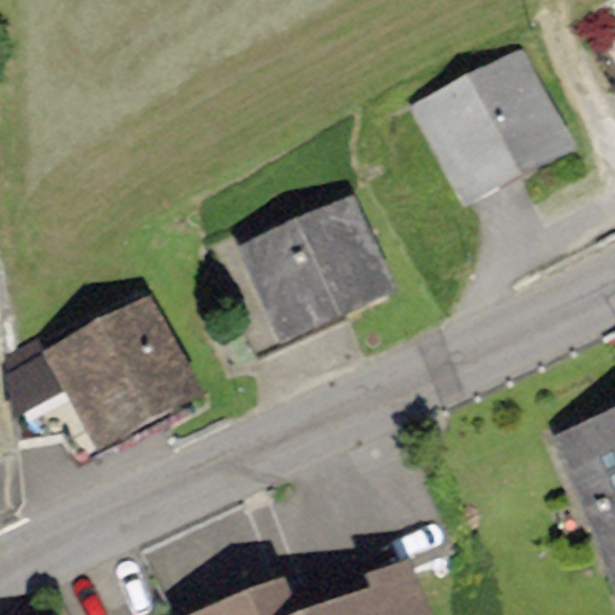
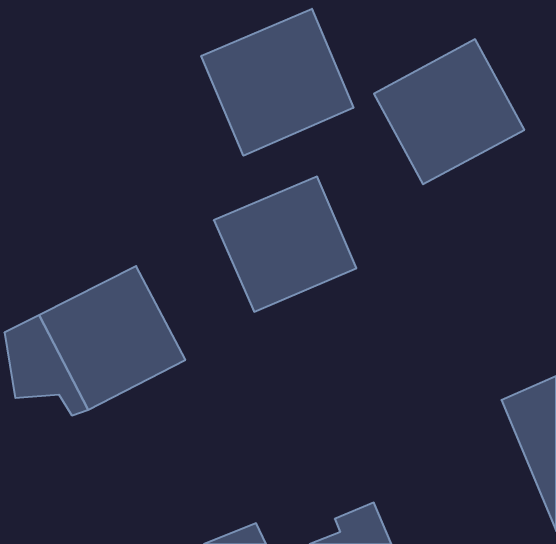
building: none -> [201,9,353,156]

